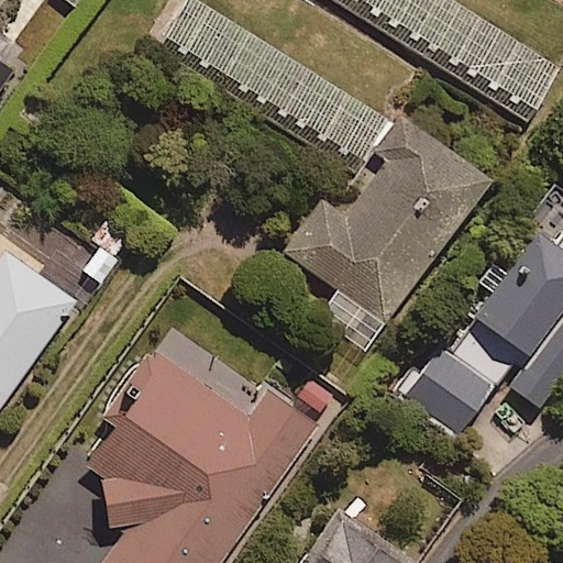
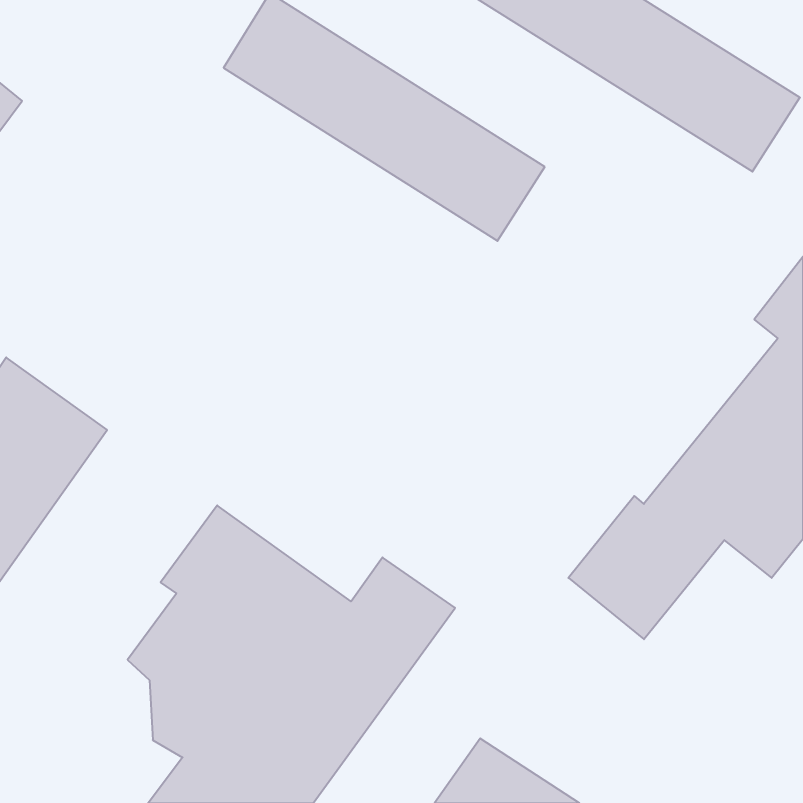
building: [286,117,492,345] -> none

